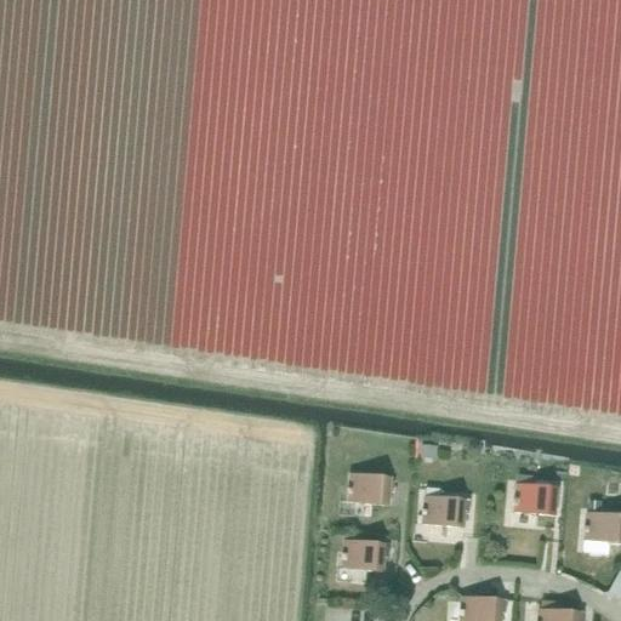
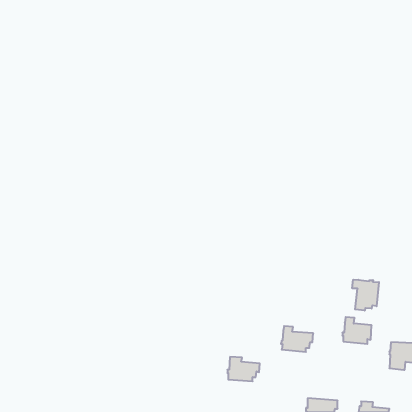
building: none -> [352,280,379,311]
building: [348,469,393,503] -> none

